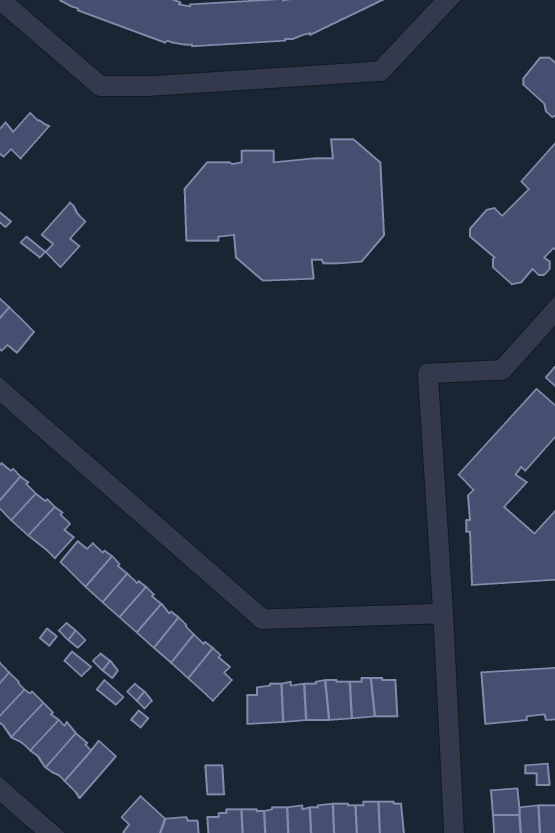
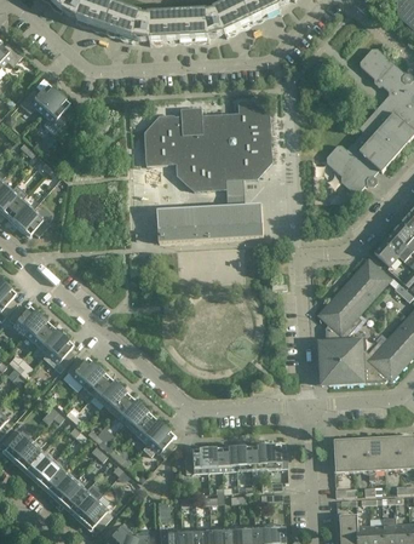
building: [42,202,85,267] -> [41,92,69,133]
building: none -> [157,177,264,242]
building: none -> [79,498,113,529]

